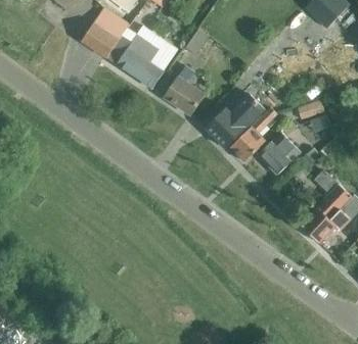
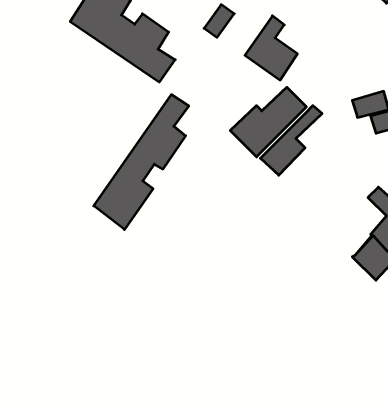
building: [163,66,204,116] -> [245,16,297,80]
building: none -> [94,95,189,230]
building: [257,120,301,175] -> none

